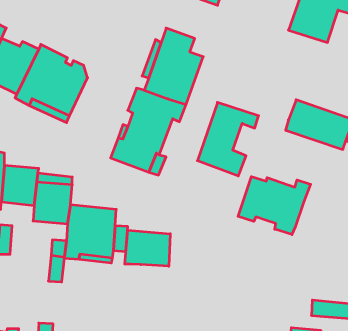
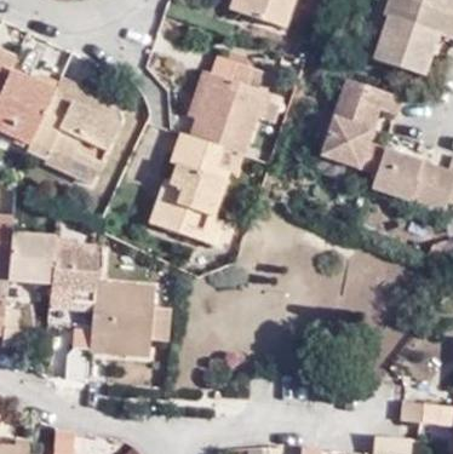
building: [197,102,259,176] -> [321,80,398,173]
building: [238,177,311,235] -> none
building: [125,230,170,266] -> none

